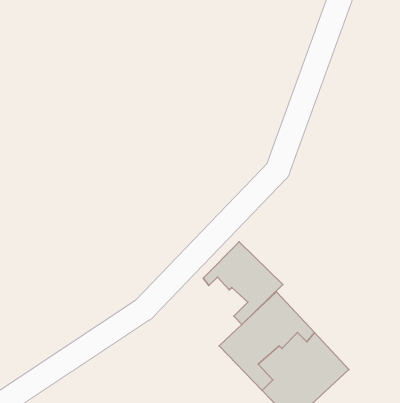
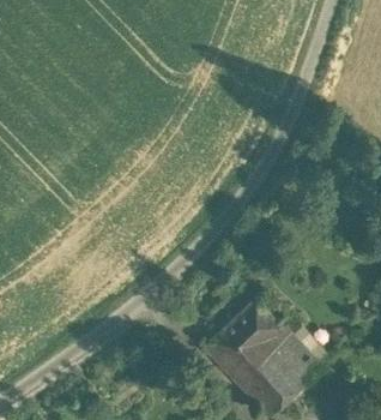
building: [203,242,283,324] -> none

